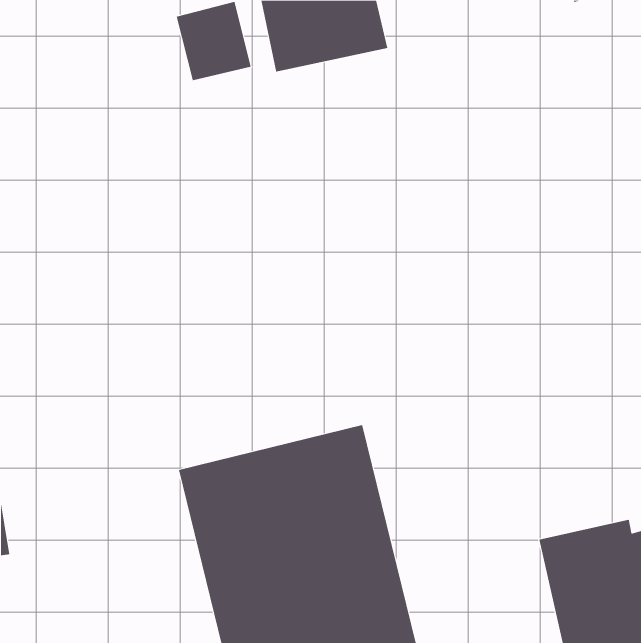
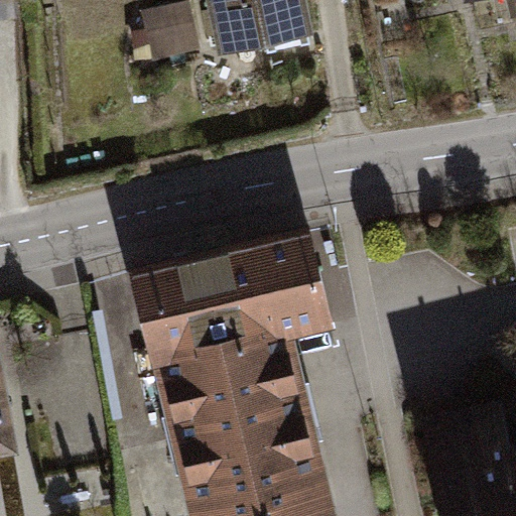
building: none -> [121,230,337,377]

